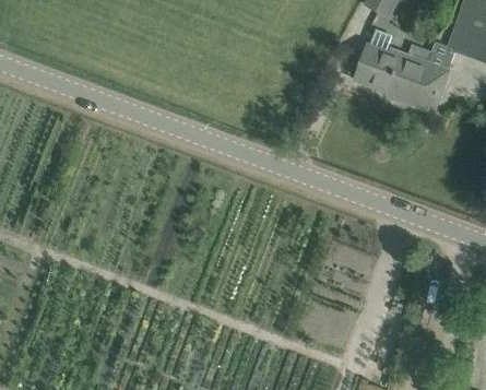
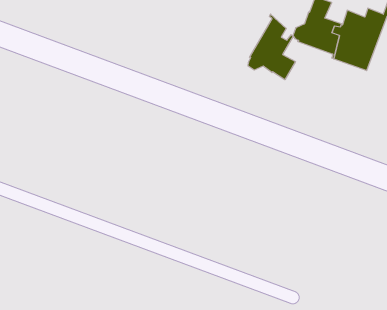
building: none -> [248,14,295,80]

